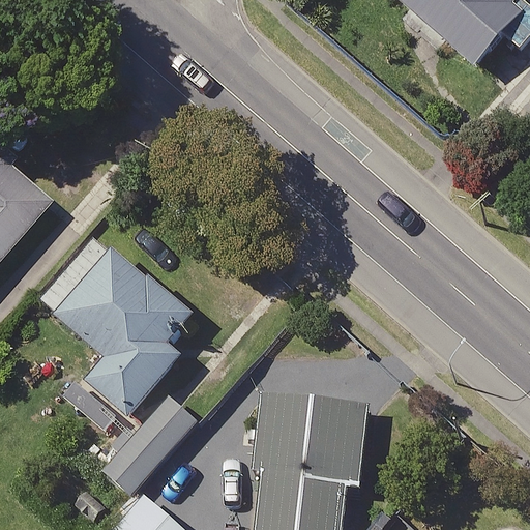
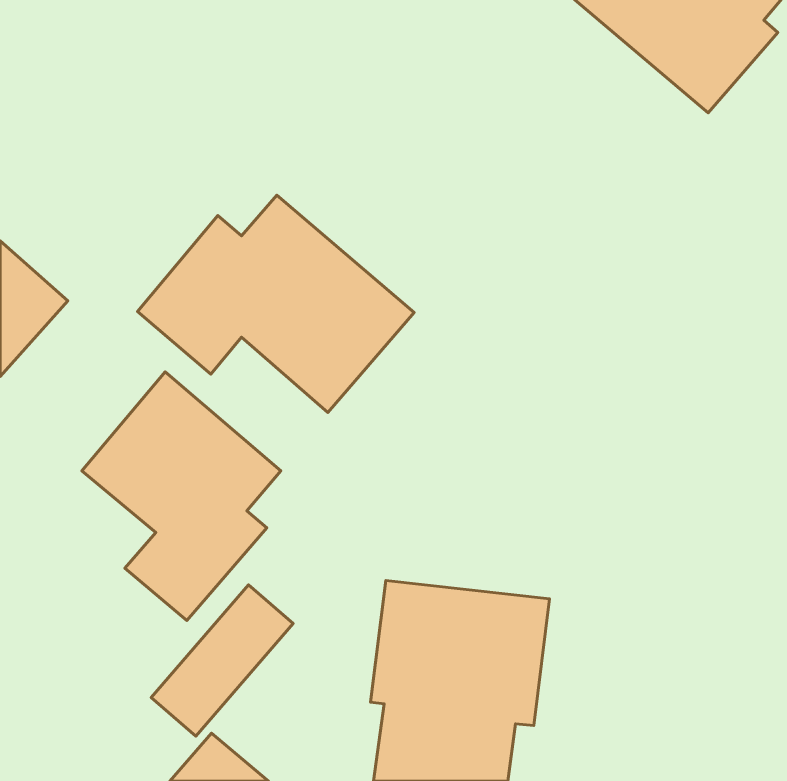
building: none -> [138,195,414,412]

